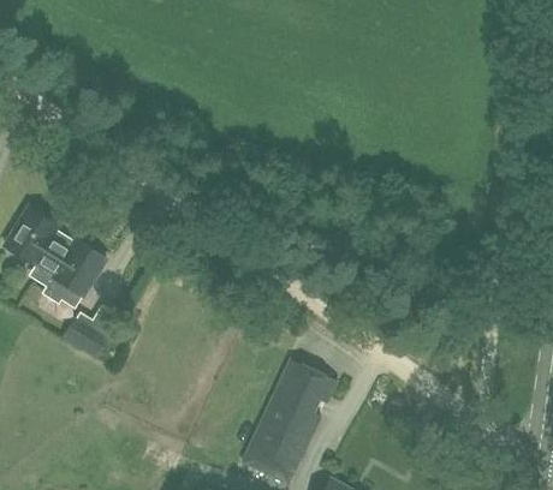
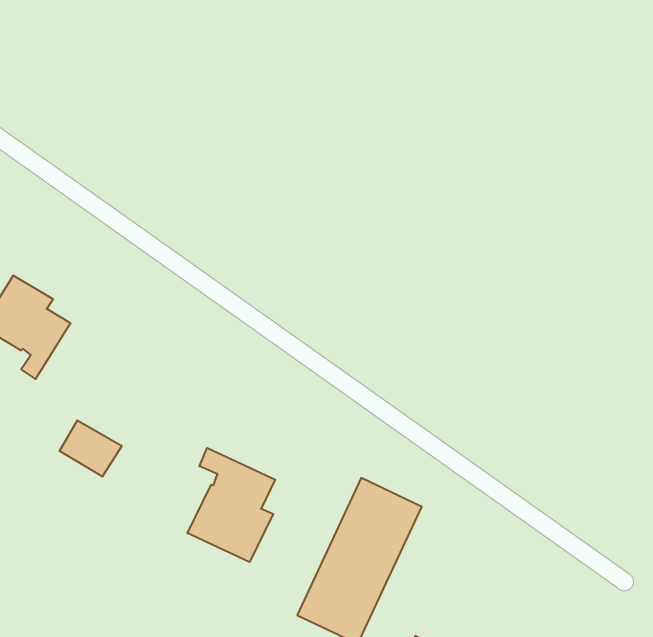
building: [42,241,106,304] -> none
building: none -> [187,448,275,562]

